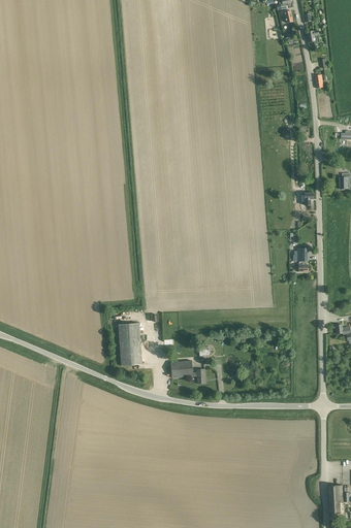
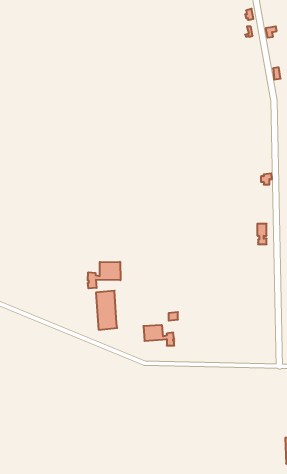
building: none -> [88,262,120,288]

